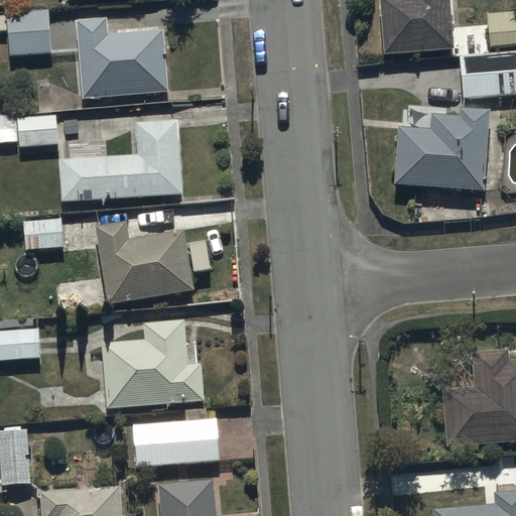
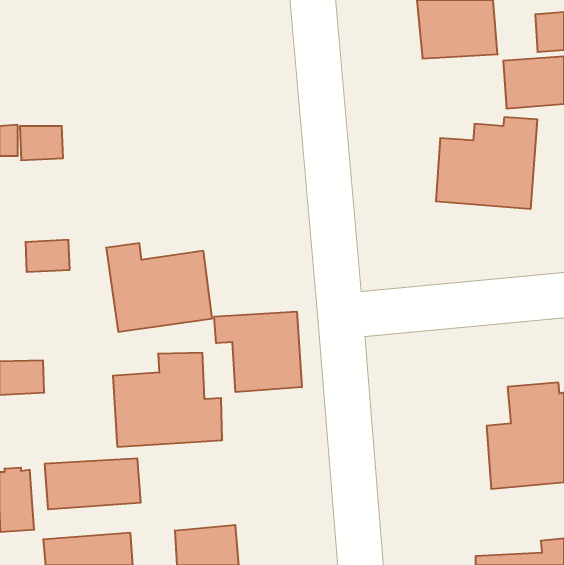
building: [6,10,51,55] -> none
building: [76,18,168,99] -> none
building: [58,120,181,200] -> none
building: none -> [214,312,302,392]
building: [132,419,220,466] -> [45,458,141,509]

